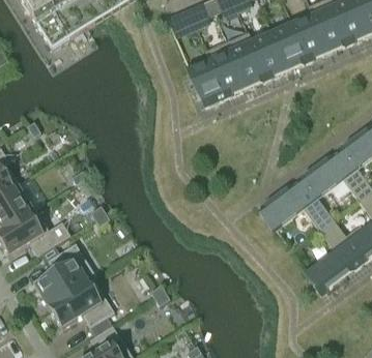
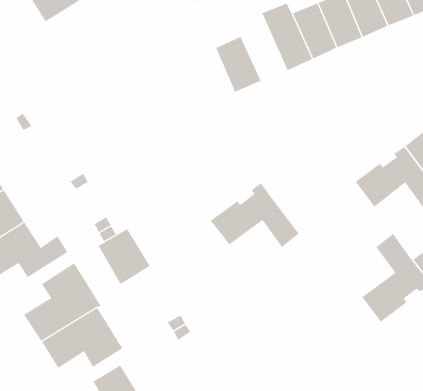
building: [206,40,247,95] -> none
building: [260,177,333,230] -> [210,182,299,248]
building: none -> [98,228,151,285]

